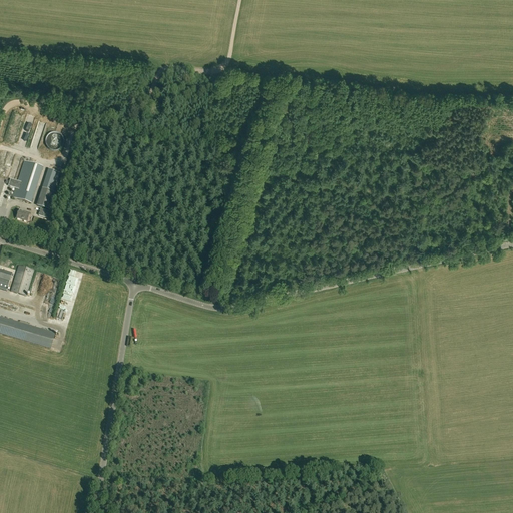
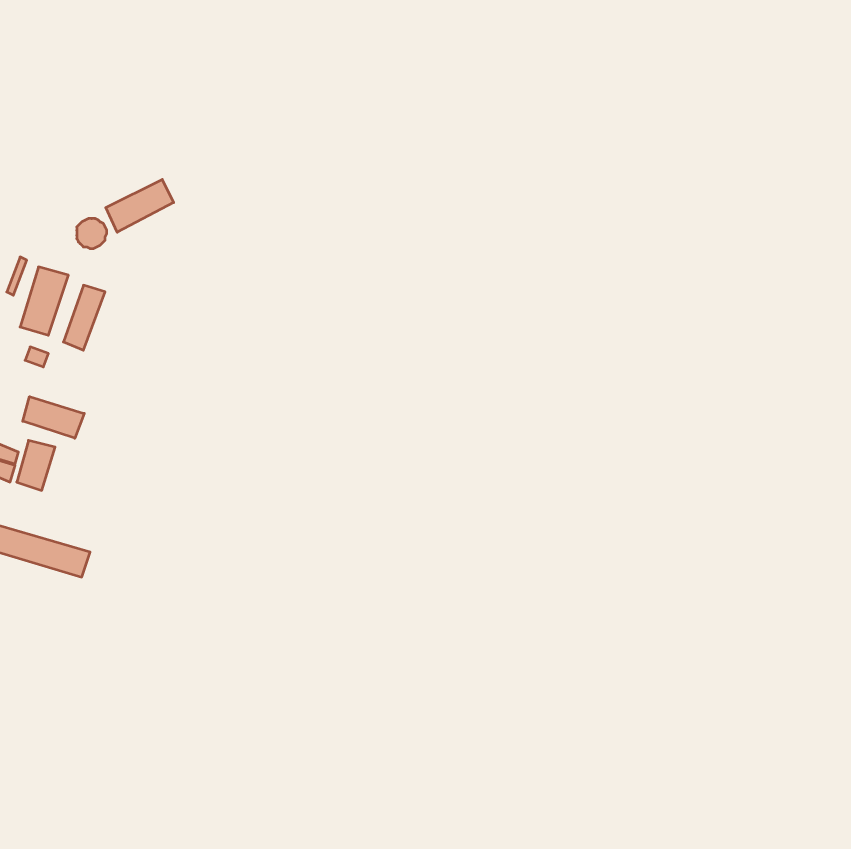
building: none -> [106,179,174,232]
building: none -> [23,397,84,438]

